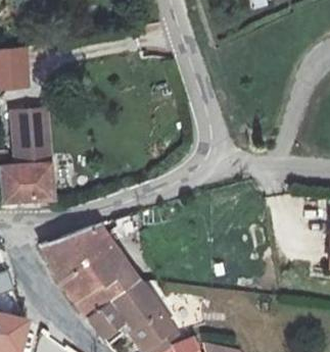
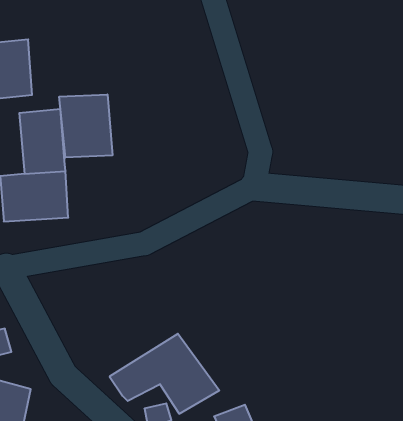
building: none -> [59,94,112,158]
building: [45,216,143,311] -> none

